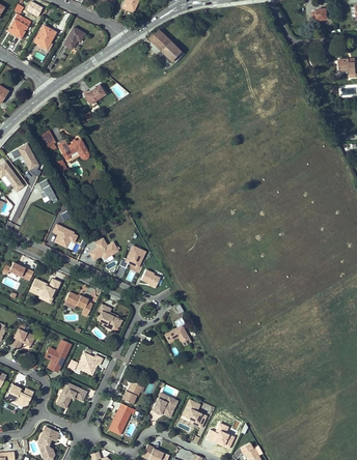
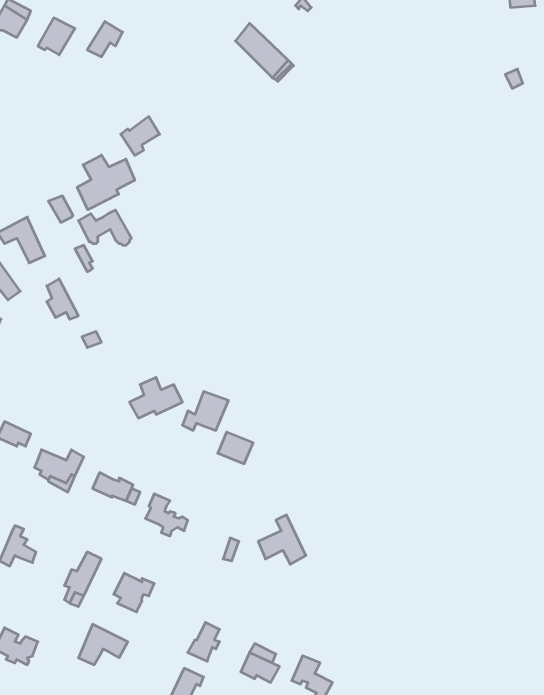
building: none -> [77,155,135,210]
building: [51,223,78,250] -> none

